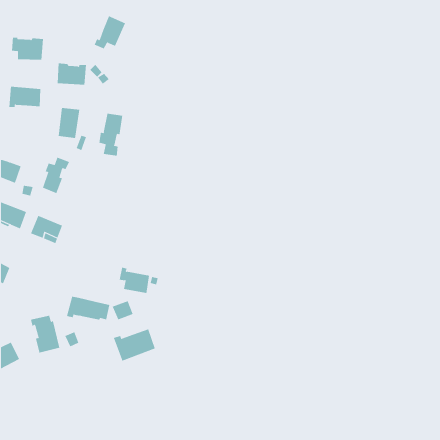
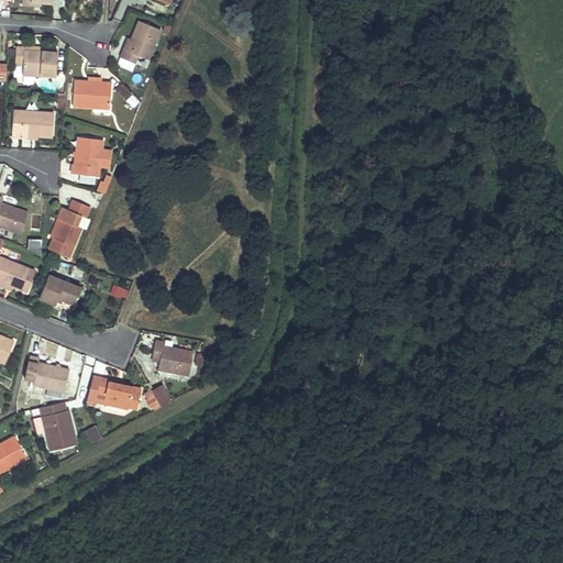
building: [99,113,123,157] -> none
building: none -> [23,356,69,393]
building: [113,328,156,362] -> none

